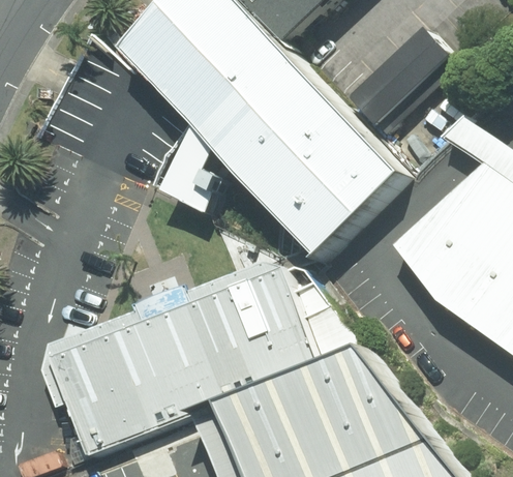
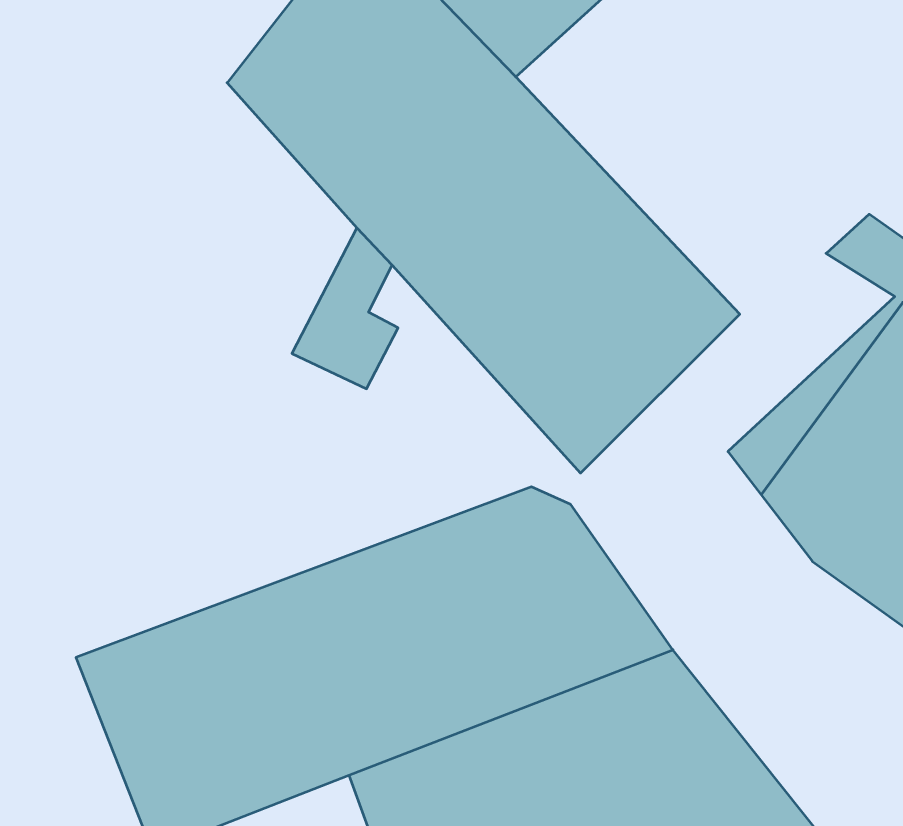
building: [341,28,444,131] -> none

